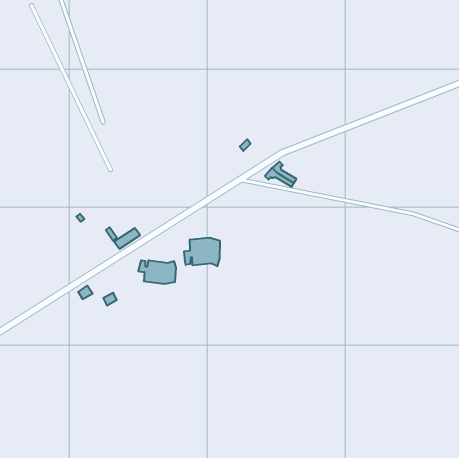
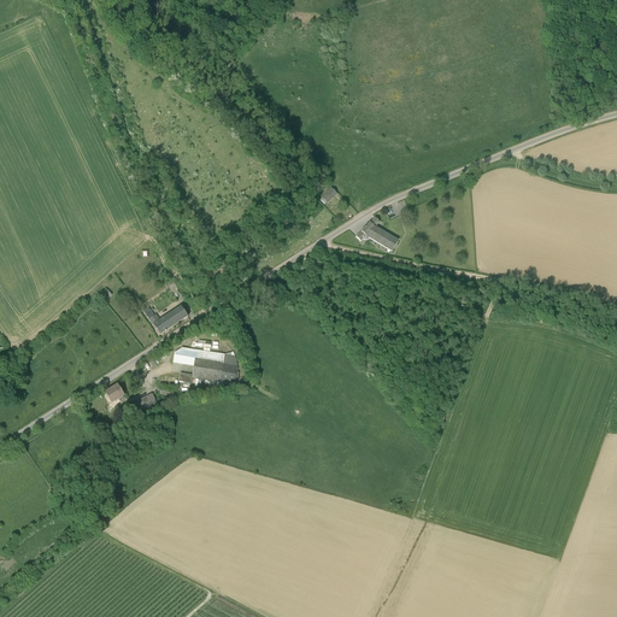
building: [184,238,220,266] -> none

